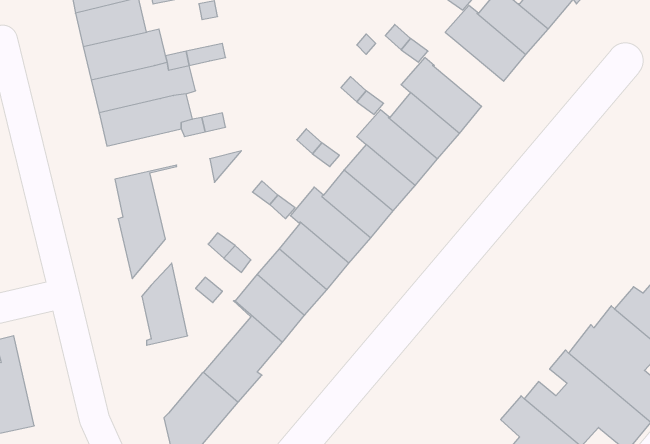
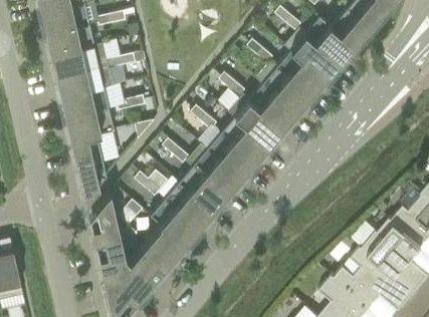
building: none -> [276,50,321,92]
building: none -> [69,108,114,138]
building: none -> [94,238,130,290]

